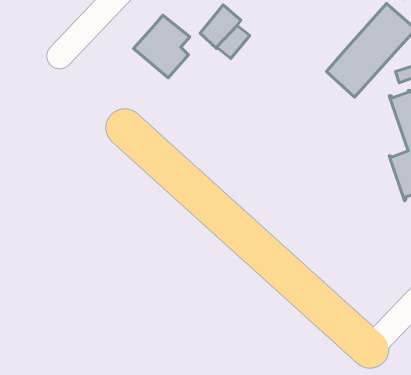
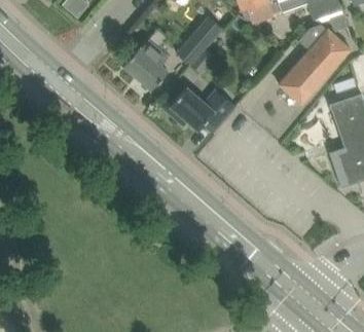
building: none -> [160,85,235,132]

